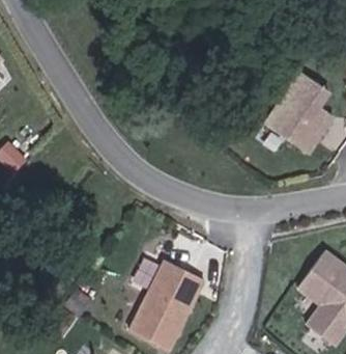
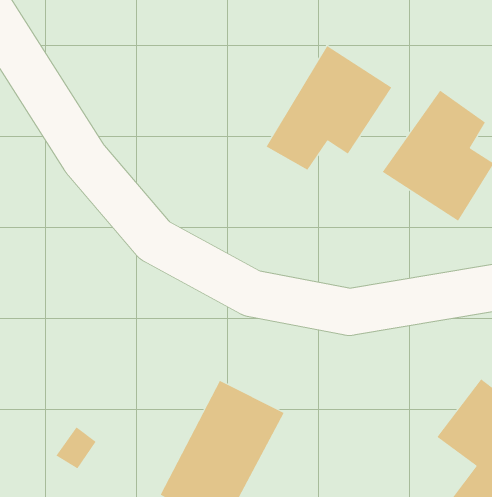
building: none -> [266,45,392,171]

